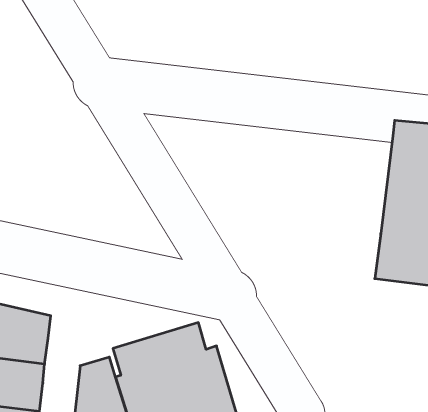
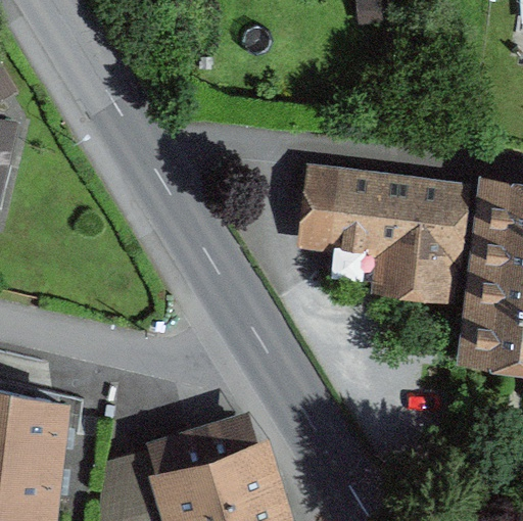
building: none -> [290,170,477,307]

